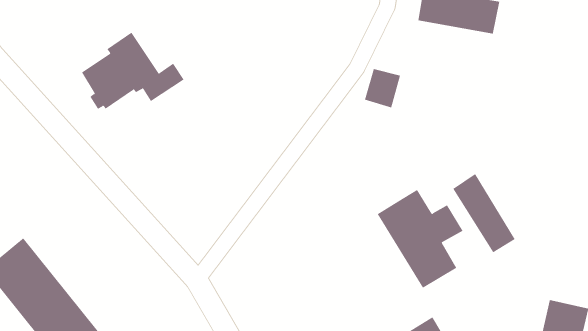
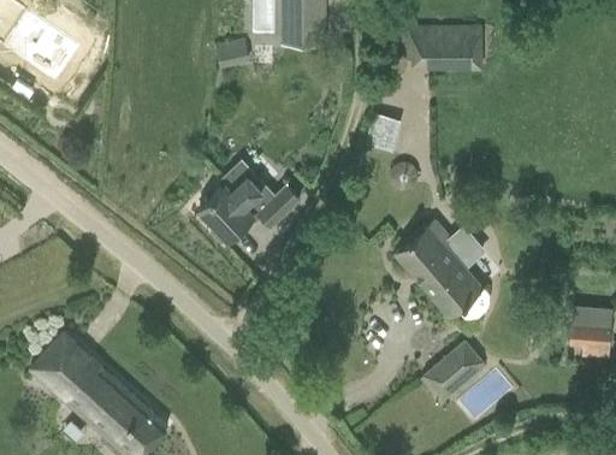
building: [81,32,185,109] -> [200,161,300,241]
building: [453,173,516,253] -> none

